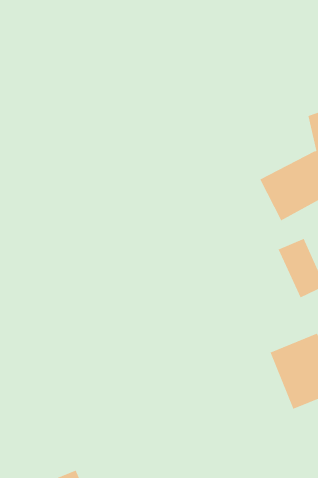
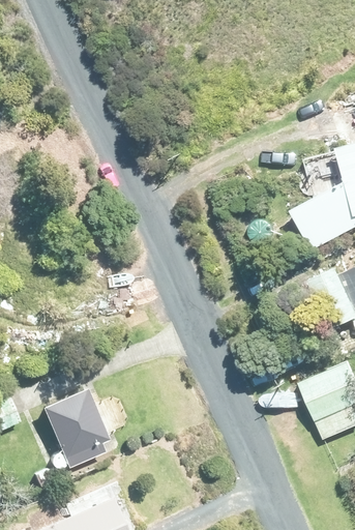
building: none -> [43,388,112,467]

